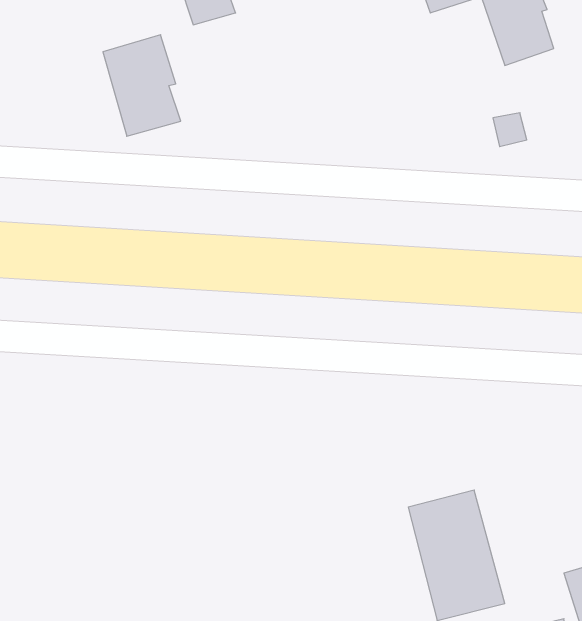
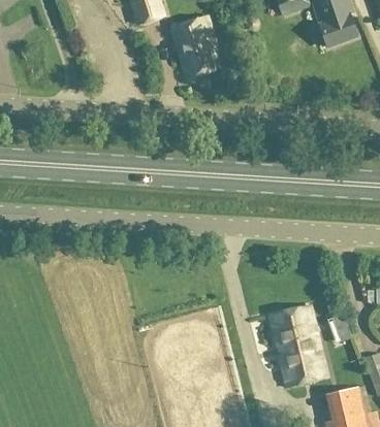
building: [103,35,181,136] -> [172,15,220,77]

